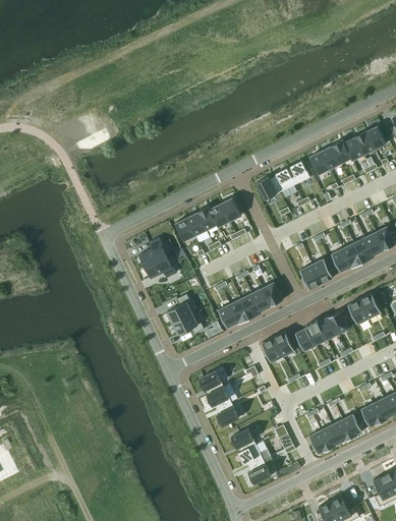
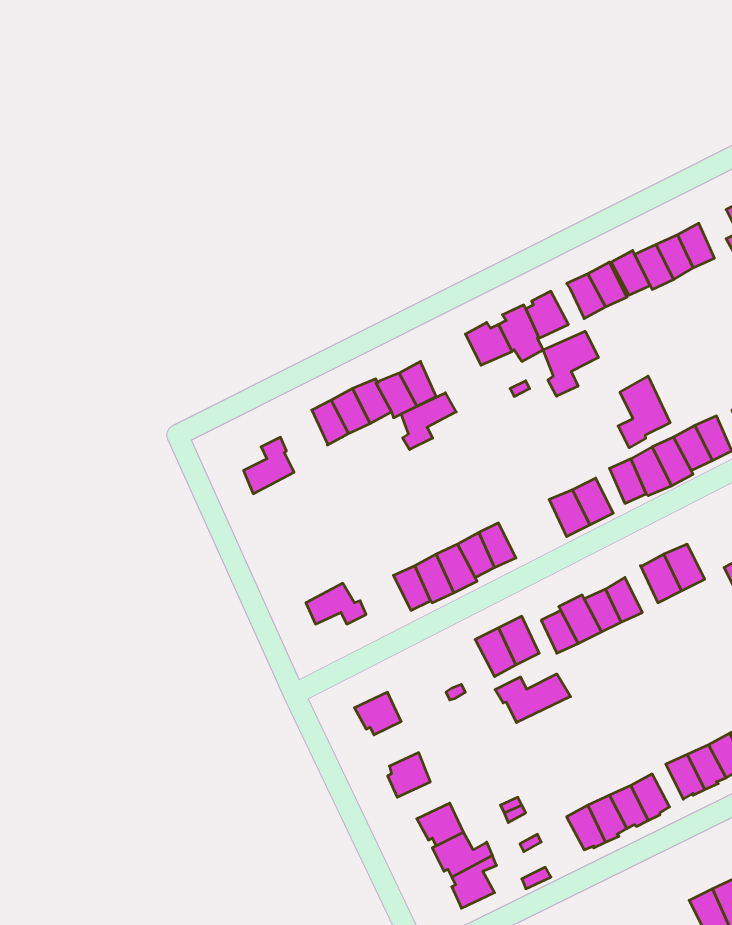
building: none -> [543,331,598,396]
building: none -> [618,376,670,448]
building: none -> [401,393,456,450]
building: [145,255,176,278] -> none
building: [166,294,191,324] -> none
building: none -> [495,674,571,723]
building: [206,383,237,409] -> none

